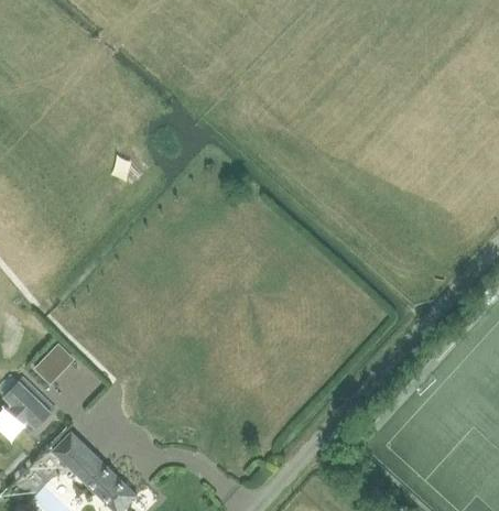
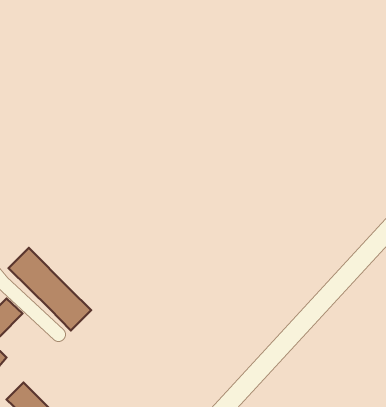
building: none -> [9,248,91,331]

